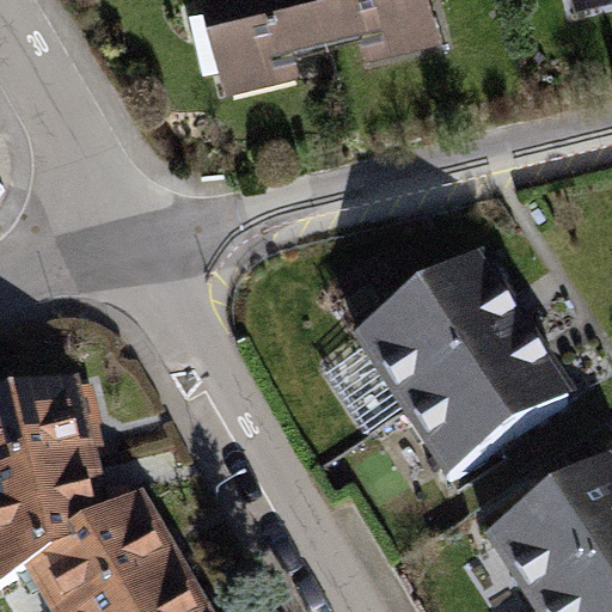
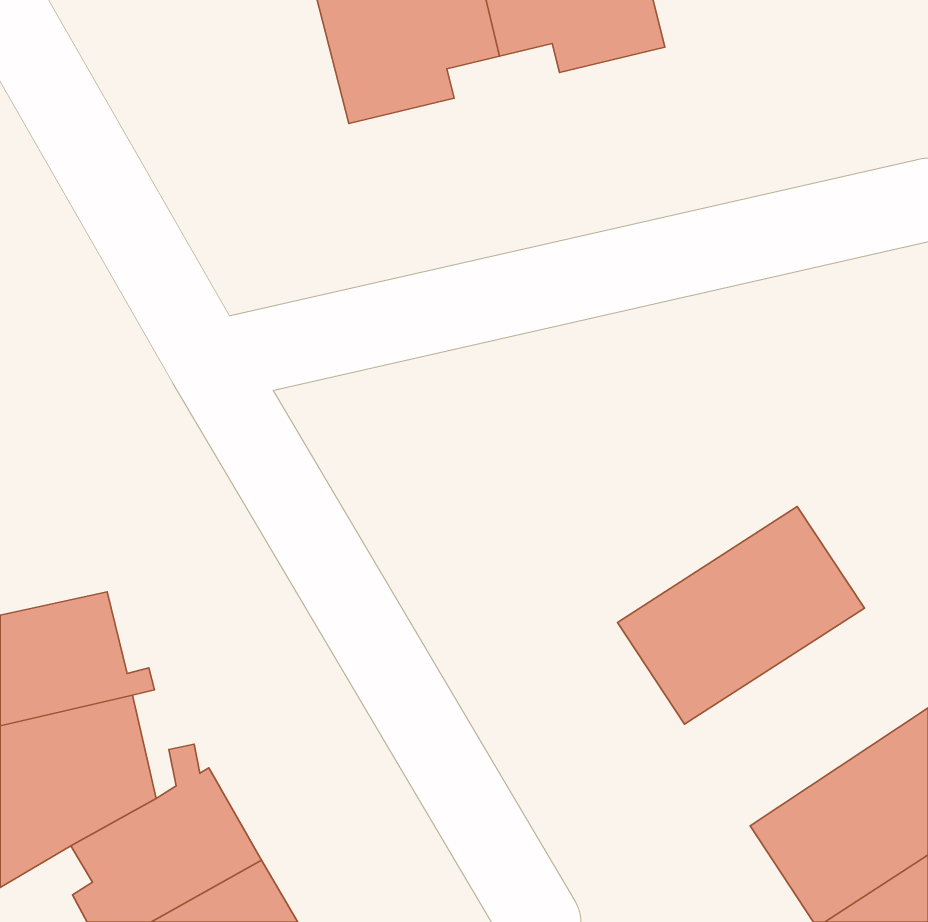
building: [362,265,525,410] -> none

